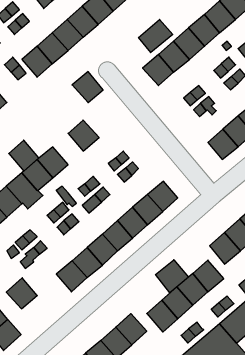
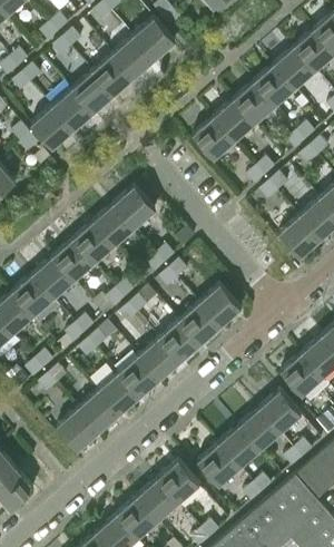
building: [139,19,173,53] -> none
building: [72,72,103,103] -> [112,187,154,228]
building: [9,140,39,171] -> [72,223,112,264]
building: [156,260,188,293] -> none
building: [6,278,37,309] -> [56,410,97,451]

